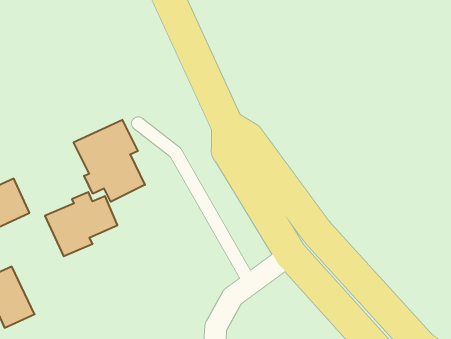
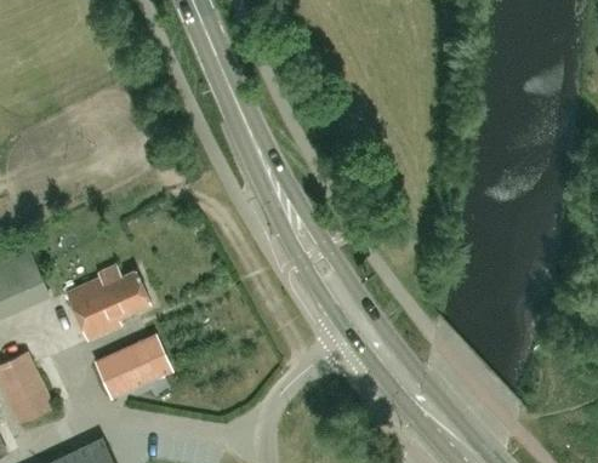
building: [74,120,145,202] -> none
building: none -> [96,335,170,396]

